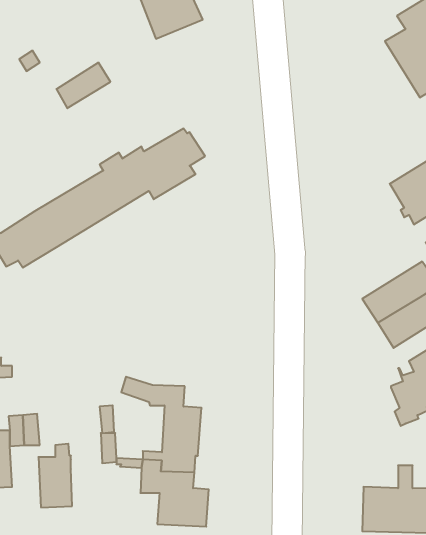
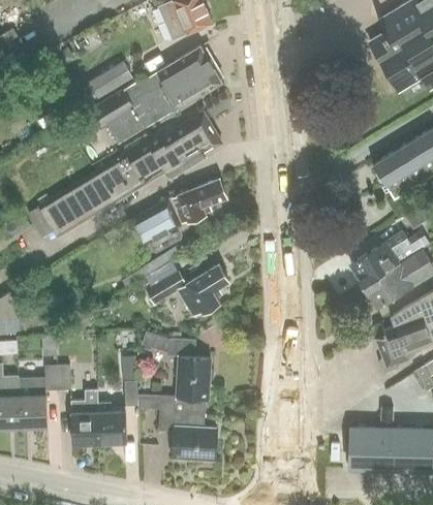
building: none -> [71,46,221,145]
building: none -> [127,180,226,247]
building: none -> [145,261,228,317]
building: none -> [98,403,126,443]

